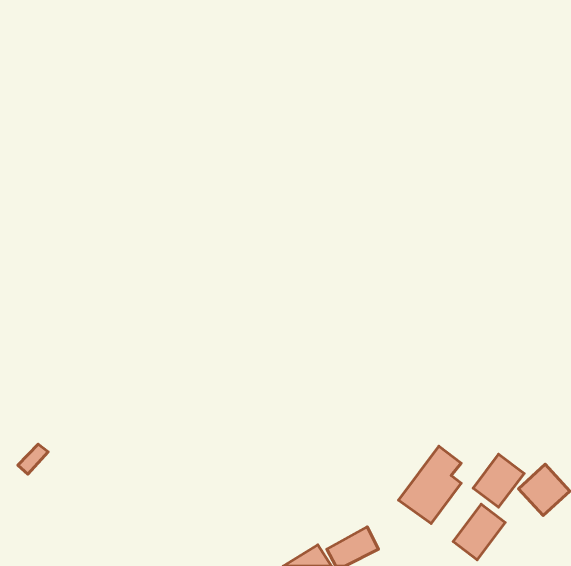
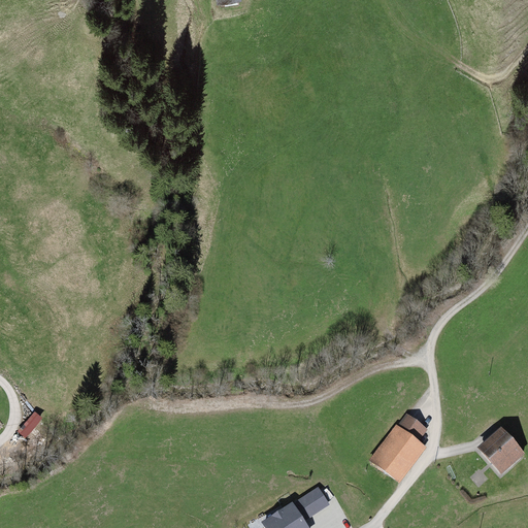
building: [473,454,524,507] -> none
building: [453,504,505,560] -> none

